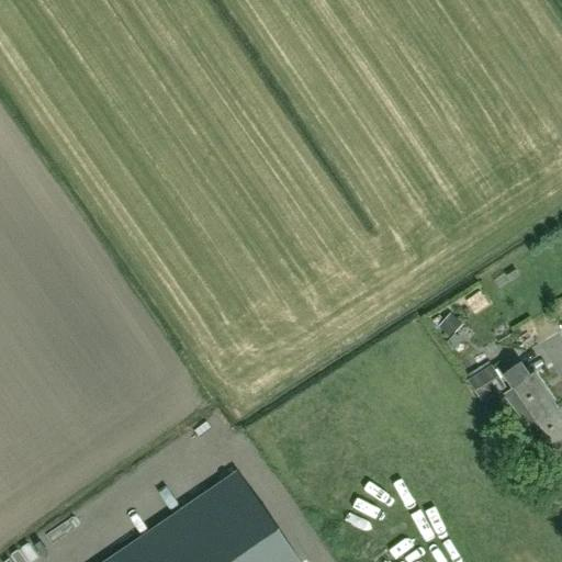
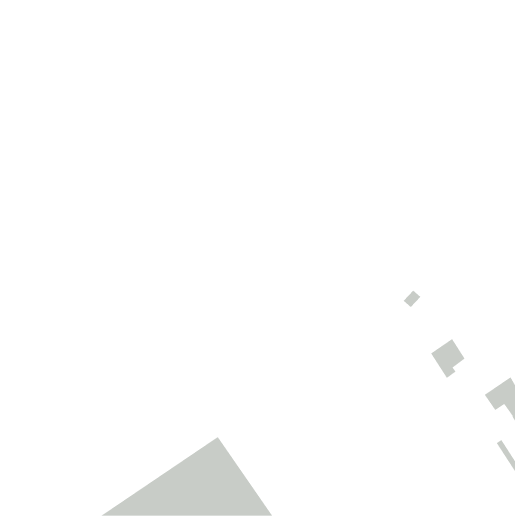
building: [506,372,557,429] -> none

